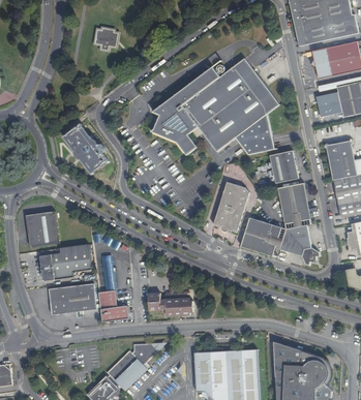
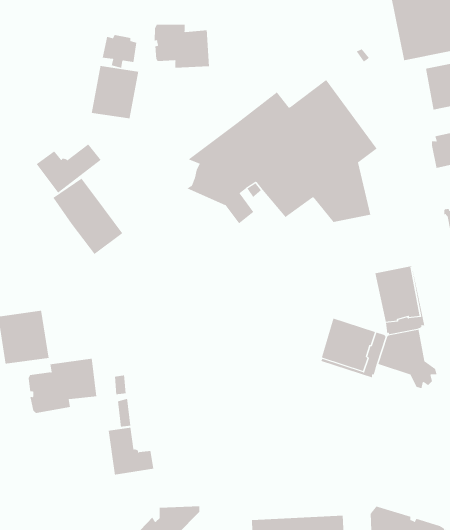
building: none -> [154,24,210,69]
building: none -> [91,65,139,119]
building: none -> [36,144,102,194]
building: [268,150,298,183] -> none
building: [212,181,248,232] -> none
building: [49,283,96,315] -> none
building: [148,294,193,316] -> none

